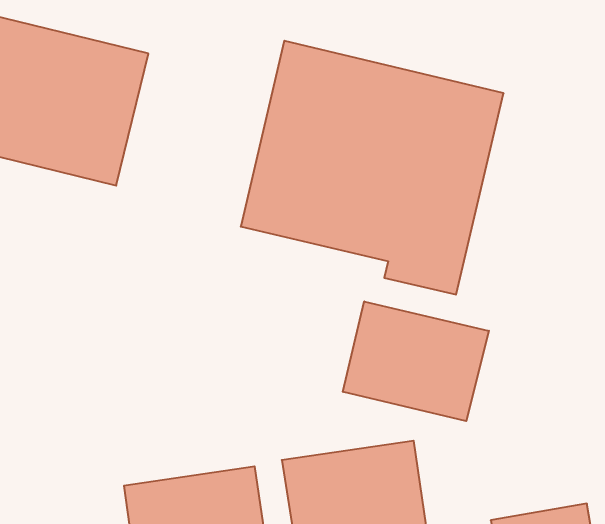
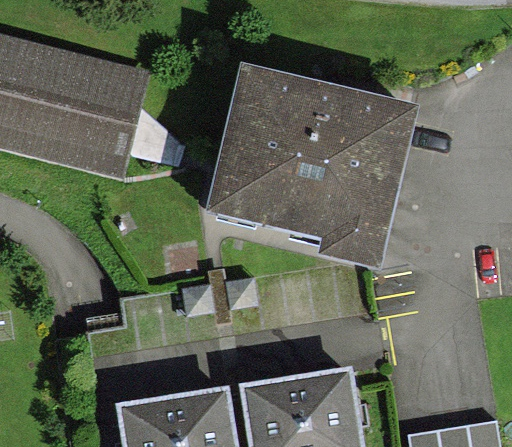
building: [343,301,489,421] -> none

